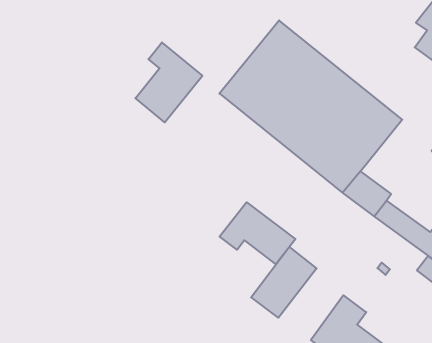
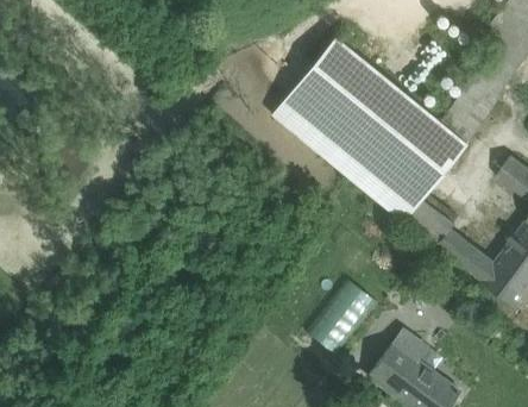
building: [135,42,202,122] -> none
building: [220,202,295,264] -> none

